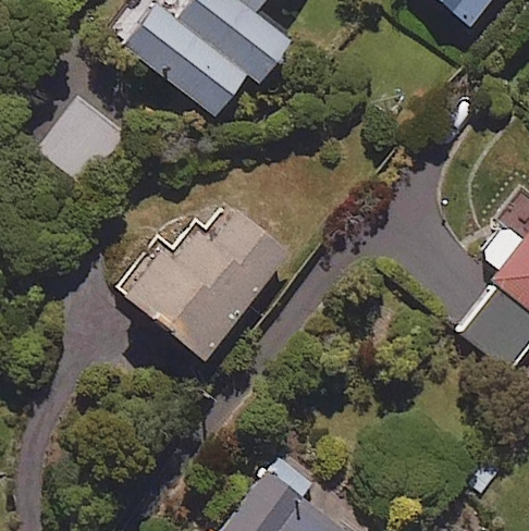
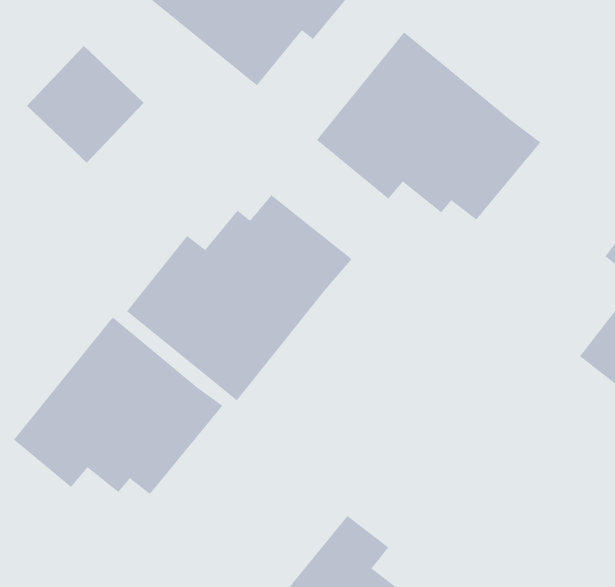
building: none -> [316,32,541,221]
building: none -> [13,317,223,495]

